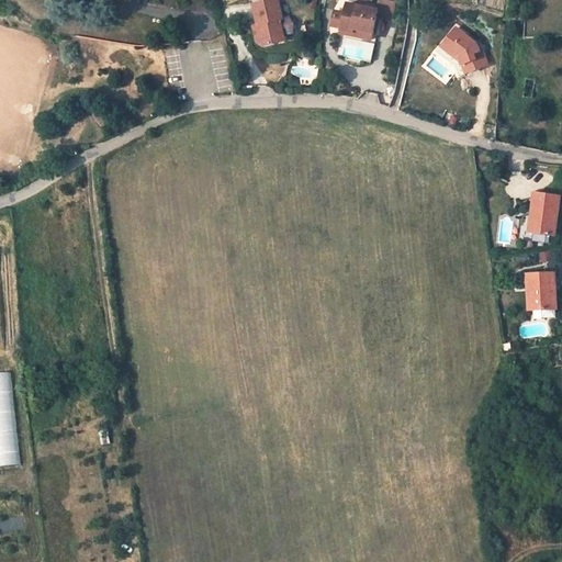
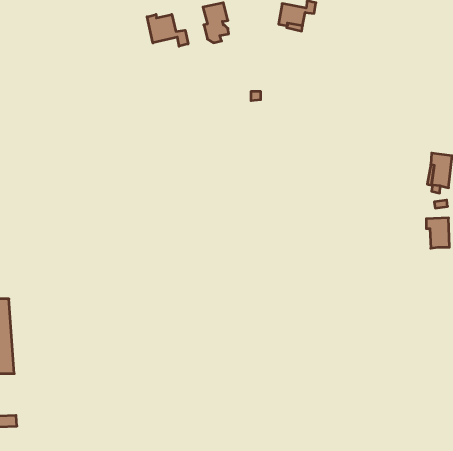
building: none -> [147,14,188,46]
building: [440,37,486,78] -> none

